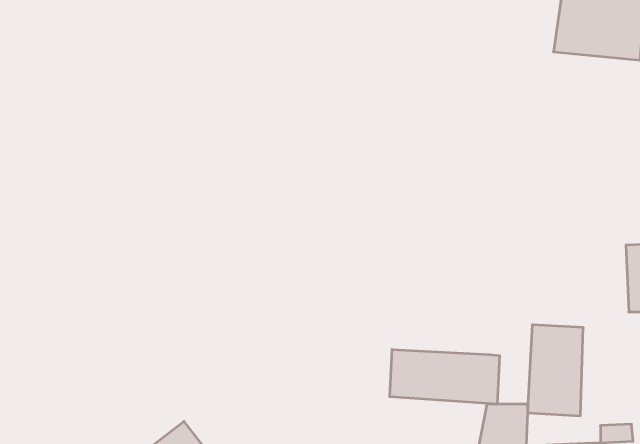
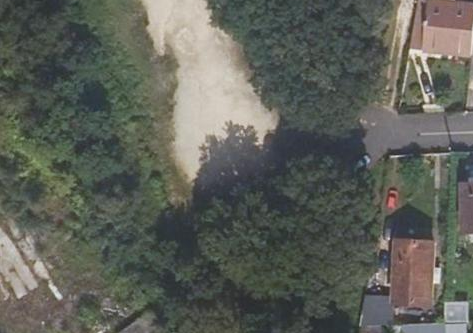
building: [390,349,500,404] -> none

